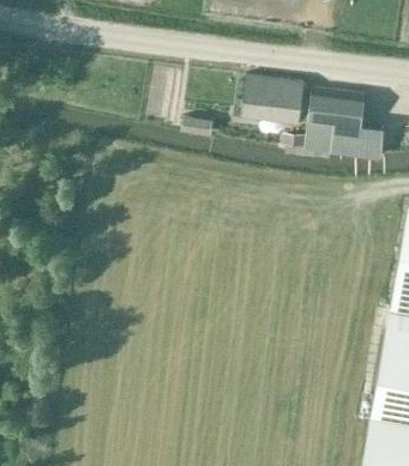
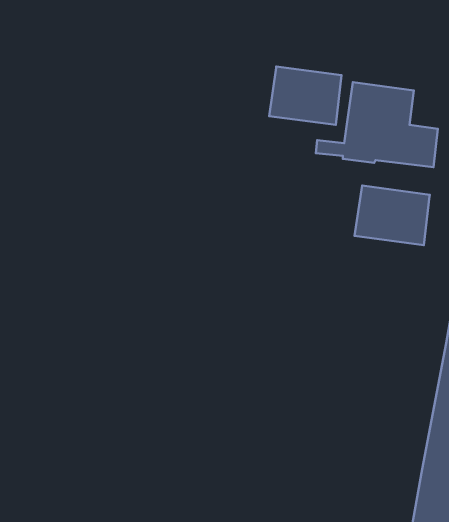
building: none -> [355,186,430,245]

